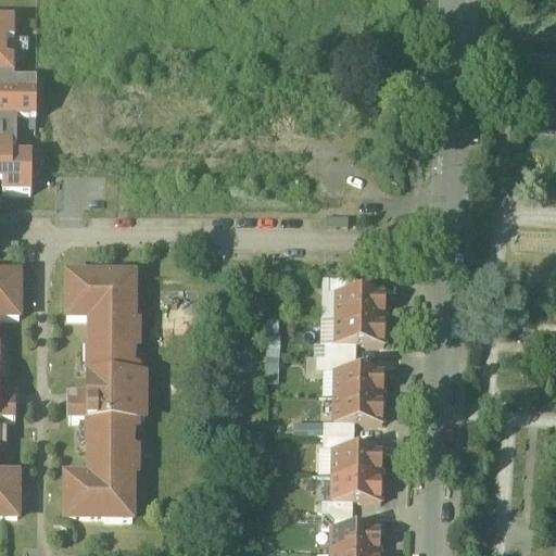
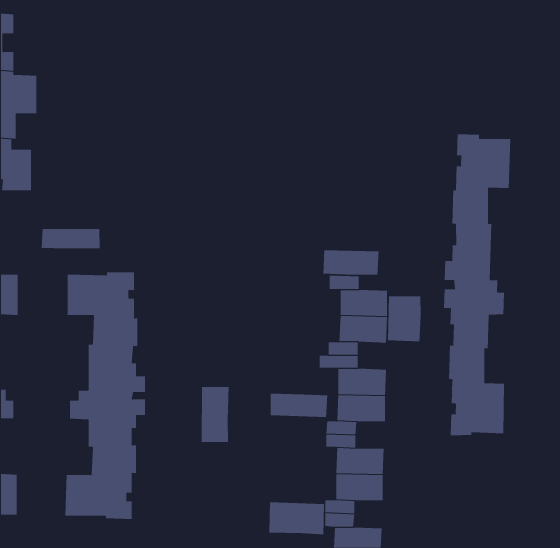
building: none -> [444,133,511,436]
building: none -> [41,228,100,249]
building: none -> [323,250,379,275]
building: none -> [387,296,421,342]
building: none -> [201,386,229,443]
building: none -> [270,393,328,418]
building: none -> [269,501,324,535]

